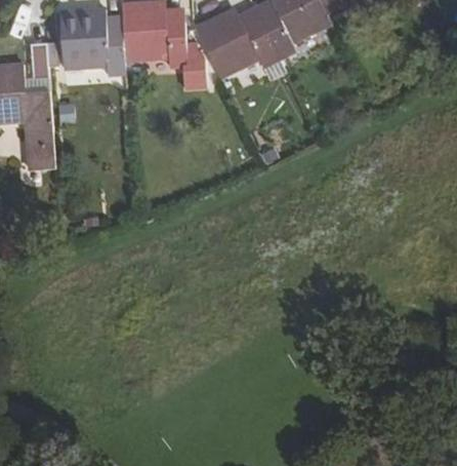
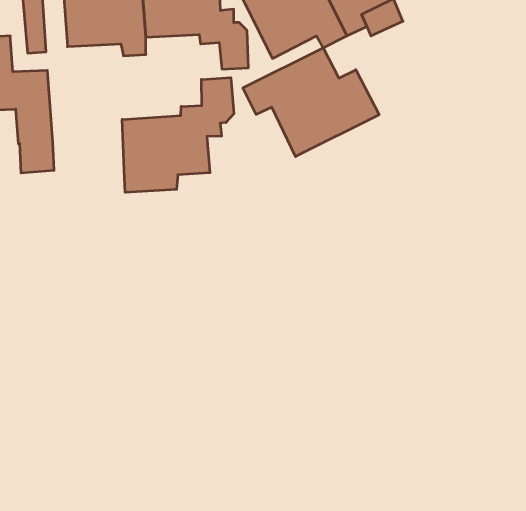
building: none -> [243,48,379,157]
building: none -> [122,78,234,192]

